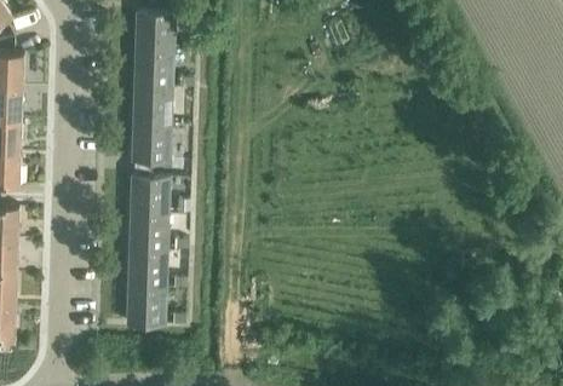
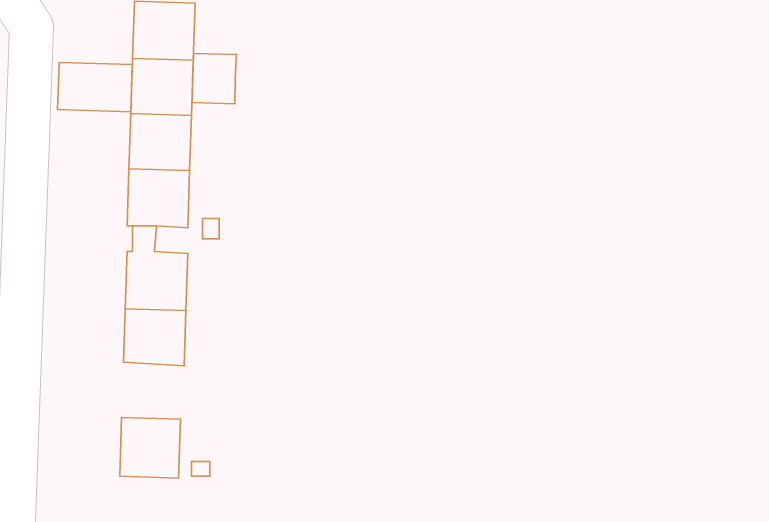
building: none -> [192,53,236,104]
building: none -> [58,62,132,112]
building: [127,249,186,287] -> none

